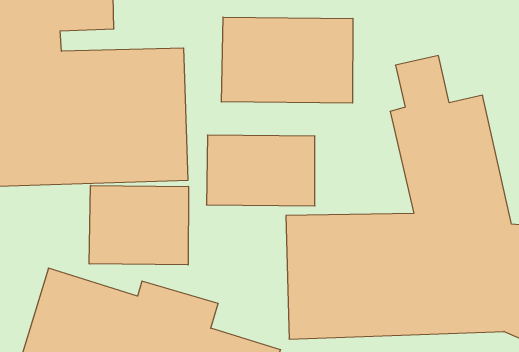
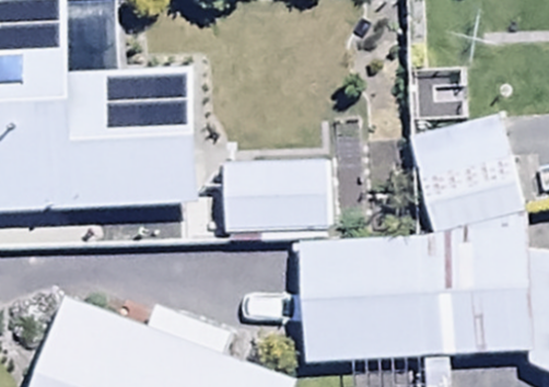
building: [221,17,353,103] -> none
building: [89,185,189,265] -> none

